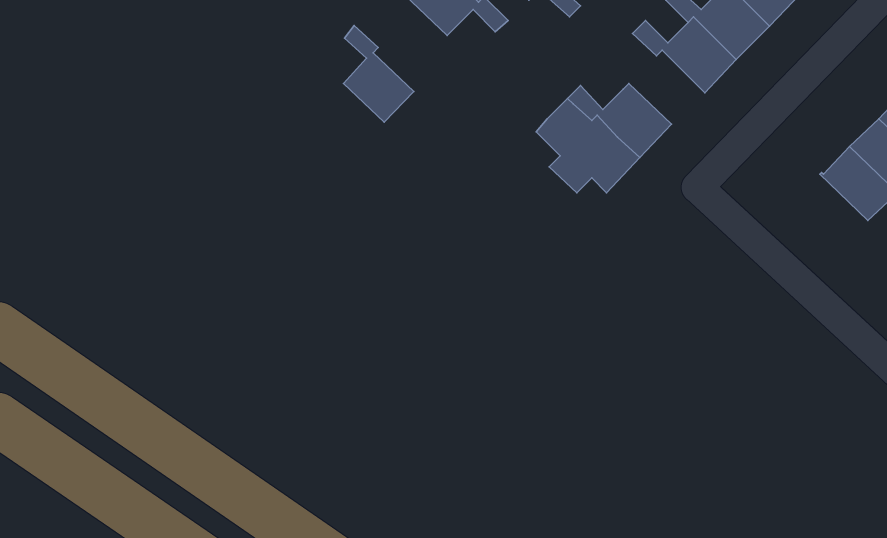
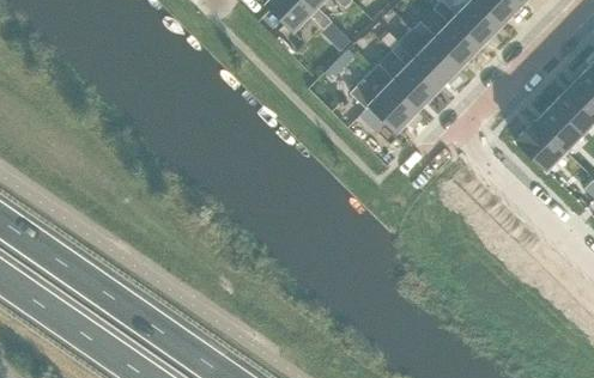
building: [343,26,414,122] -> none
building: none -> [382,28,460,87]
building: none -> [516,120,565,169]

